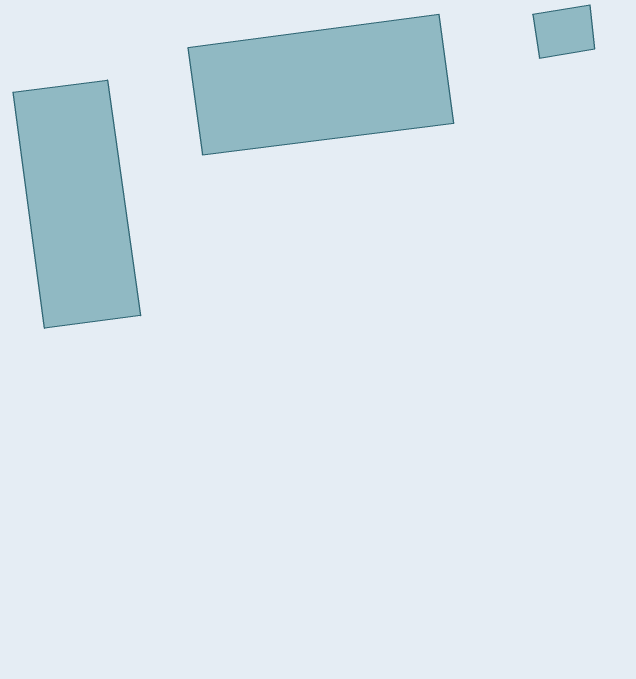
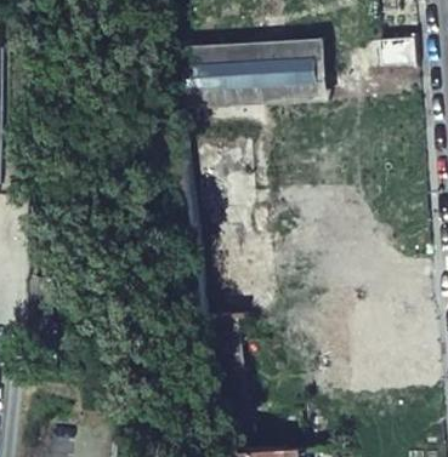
building: [13,80,141,328] -> none

